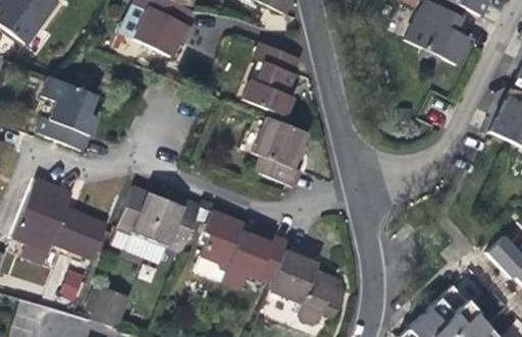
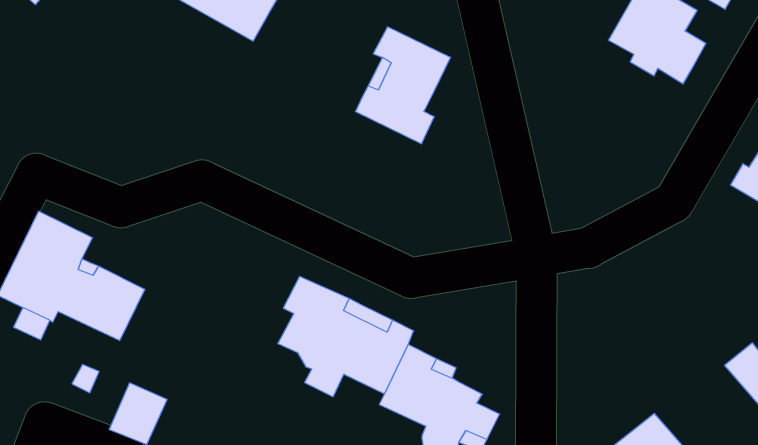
building: [36,78,96,152] -> none
building: [253,118,308,187] -> none
building: [108,189,203,270] -> none

